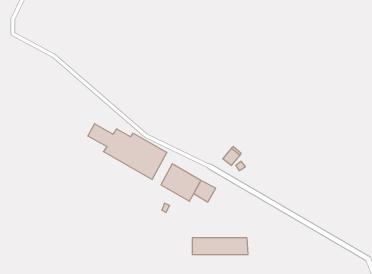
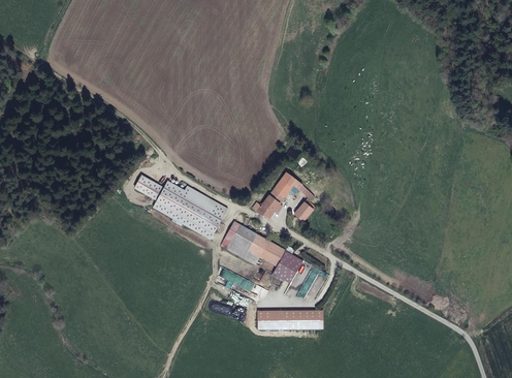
building: none -> [256,174,300,219]
building: none -> [273,250,302,283]

